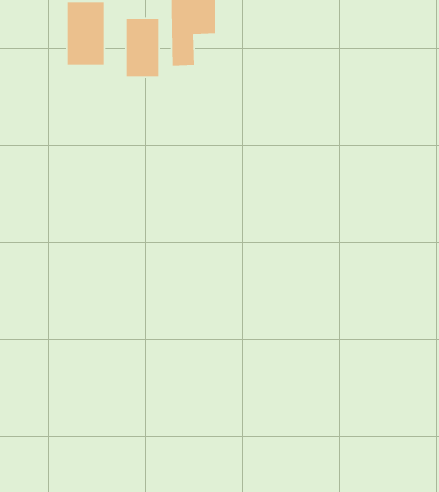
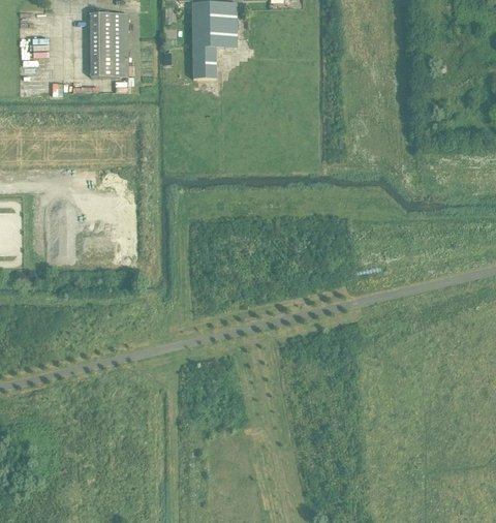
building: [126,18,159,77] -> none

